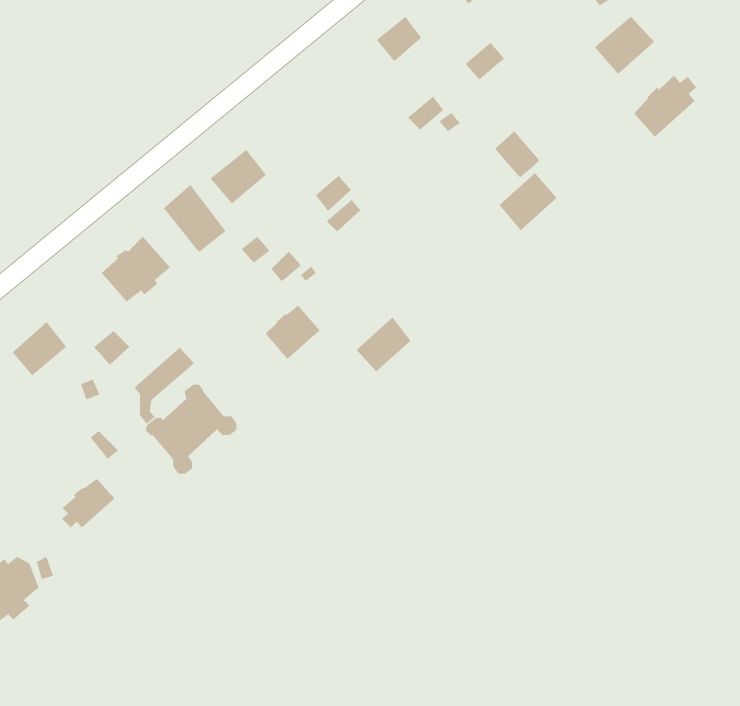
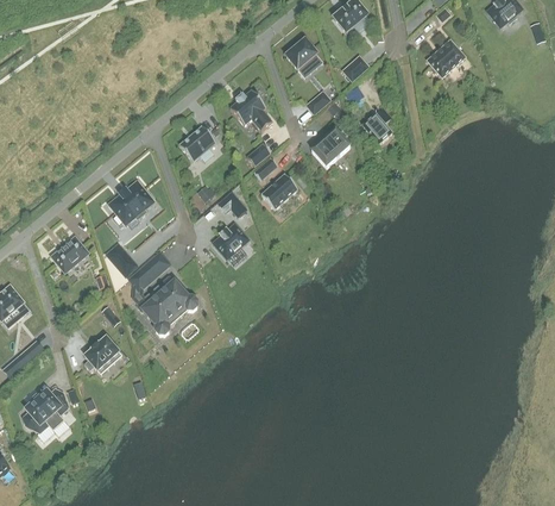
building: [634,75,697,138] -> none
building: none -> [229,89,272,131]
building: [498,172,557,231] -> [311,129,349,167]
building: [163,184,226,253] -> none
building: [356,317,411,372] -> [261,173,297,208]

